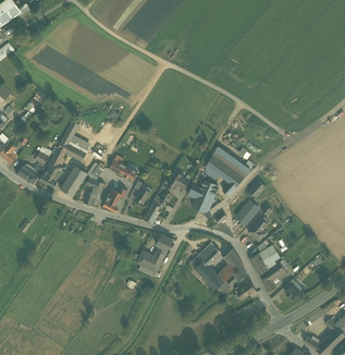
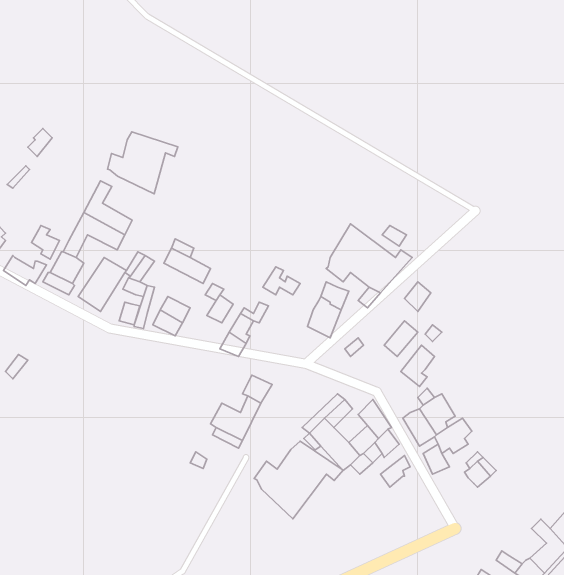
building: none -> [107,132,178,194]
building: none -> [254,441,343,519]

